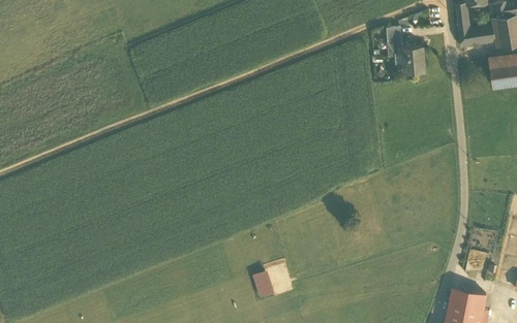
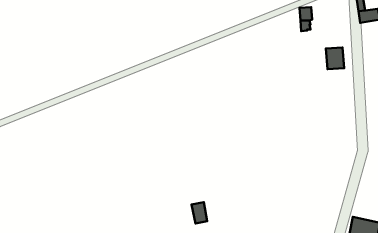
building: [403,46,426,73] -> [326,48,344,69]

